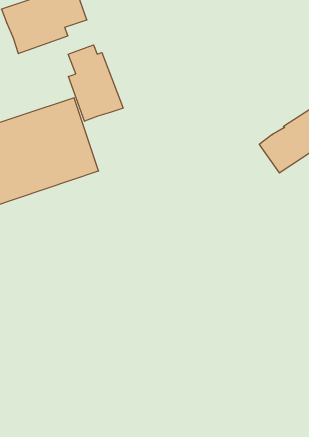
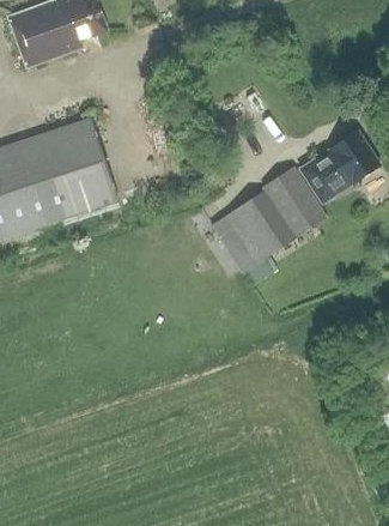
building: [68,45,123,121] -> none
building: none -> [211,165,327,272]

